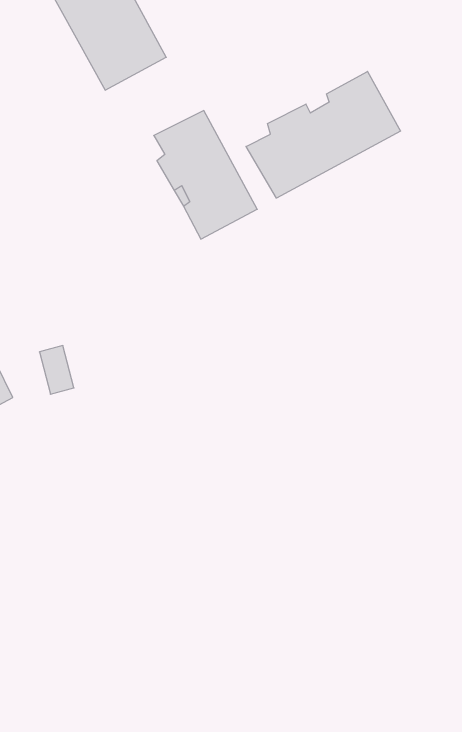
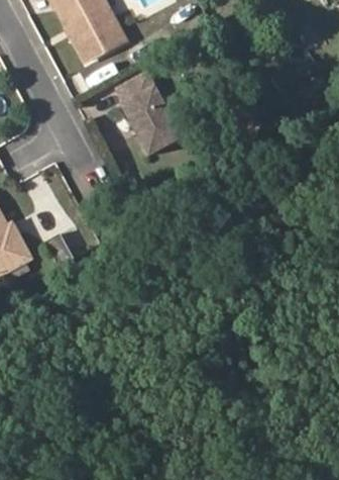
building: [246,71,401,198] -> none

